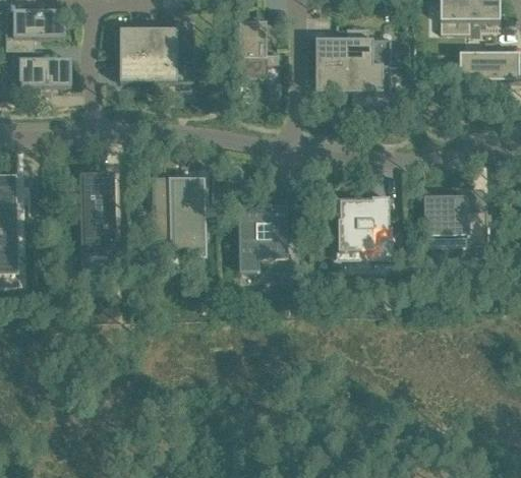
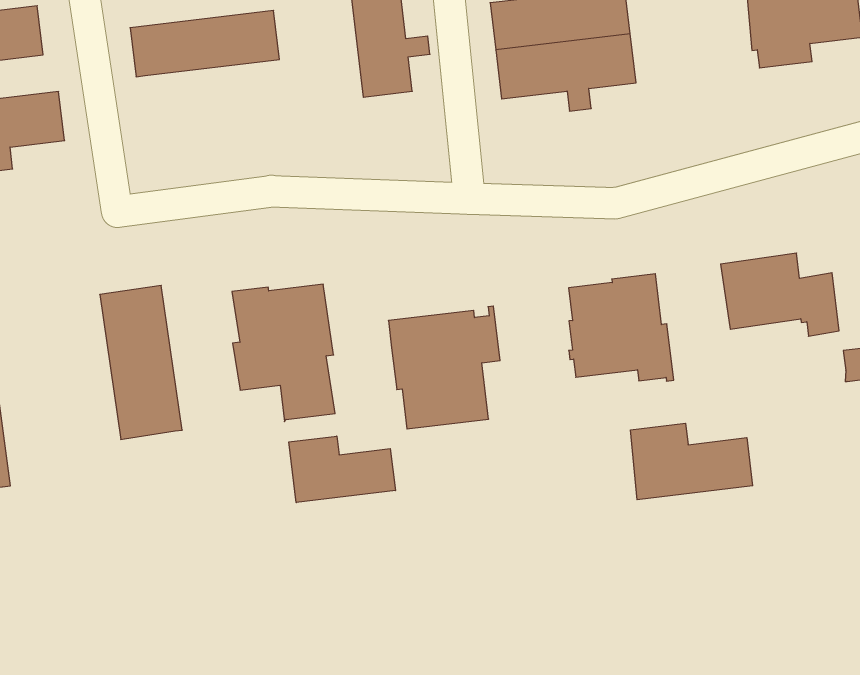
building: [120,55,195,93] -> none
building: none -> [289,436,395,503]
building: none -> [631,423,753,500]

